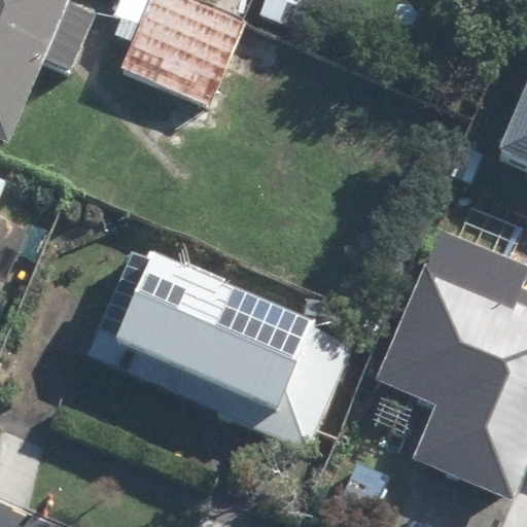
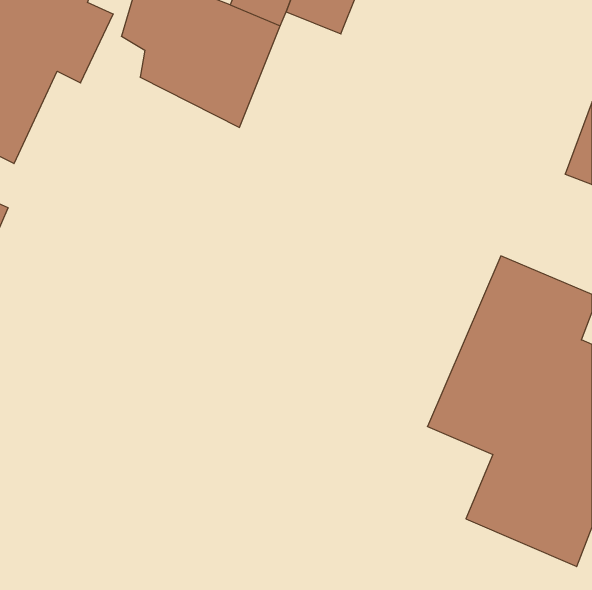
building: [113,255,322,417] -> none

